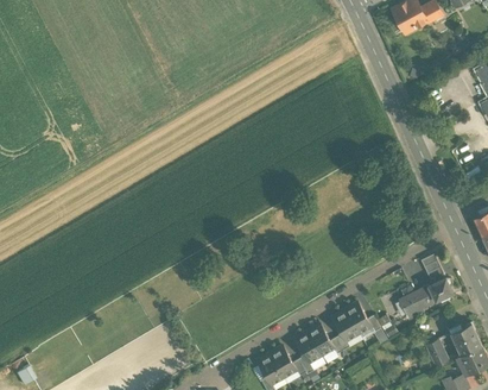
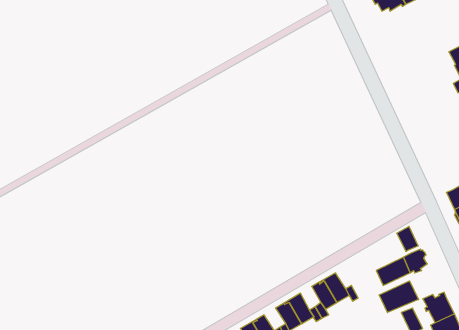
building: none -> [379,281,419,313]

